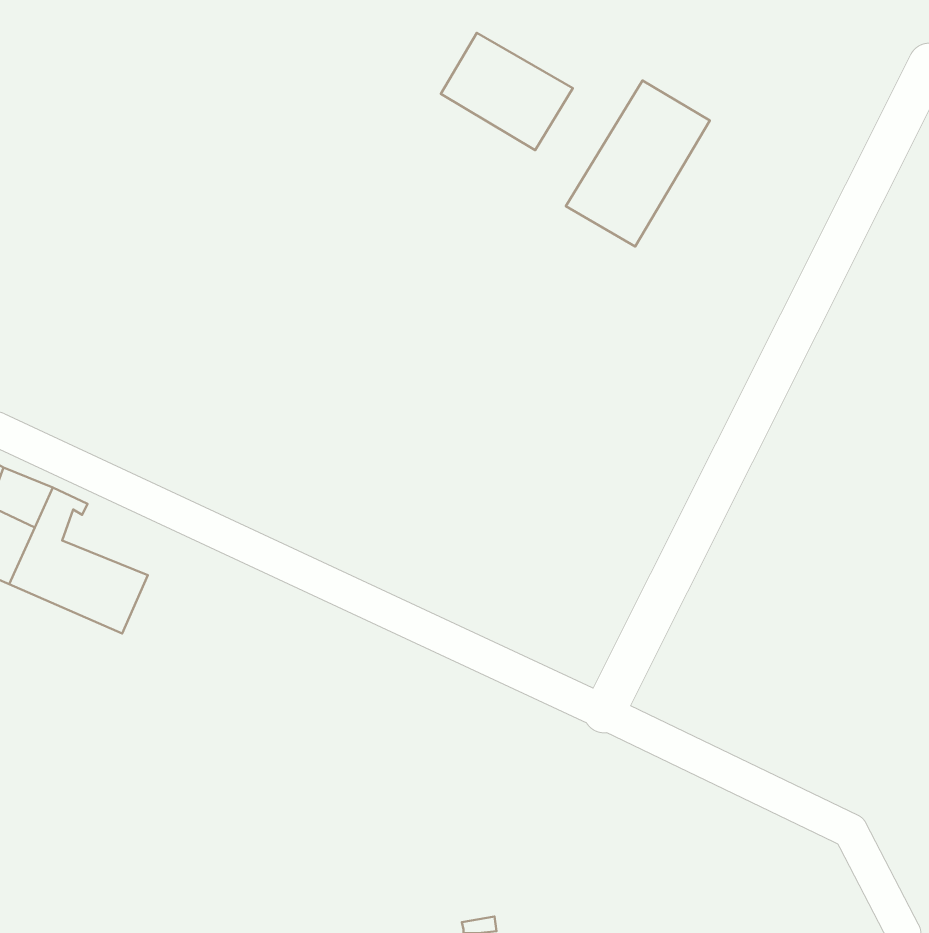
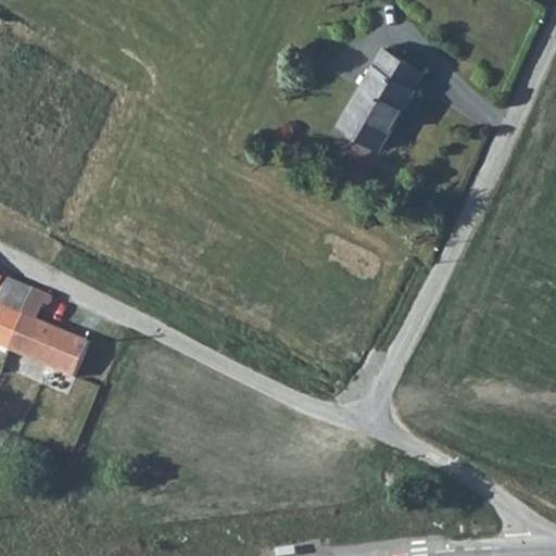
building: [441,33,573,150] -> none

